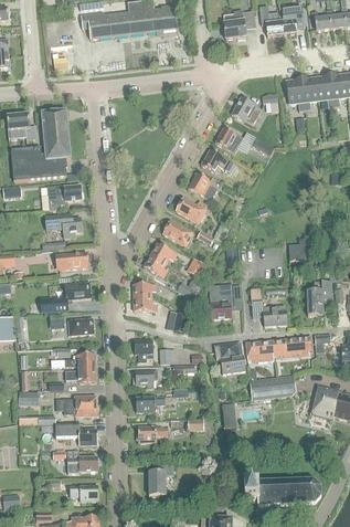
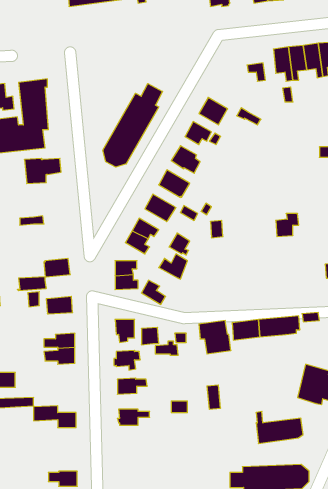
building: [231,97,259,125] -> none
building: none -> [103,84,163,167]
building: [45,213,81,238] -> none
building: [55,252,87,270] -> none
building: [306,282,331,315] -> none
building: [209,286,240,319] -> none
building: [250,289,286,326] -> none
building: [250,369,295,400] -> [256,411,303,444]
building: [63,397,97,417] -> none
building: [67,456,97,473] -> none
building: [148,466,172,495] -> none

